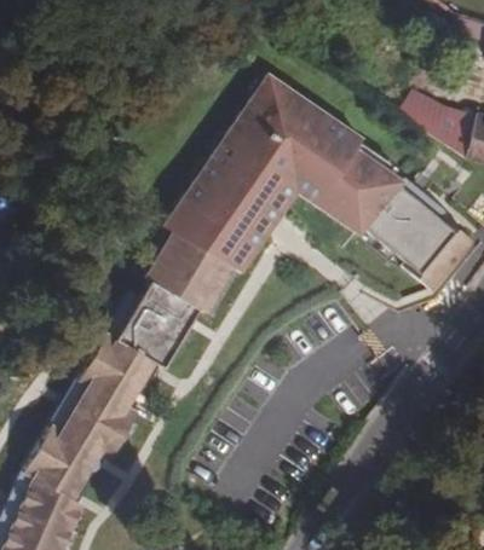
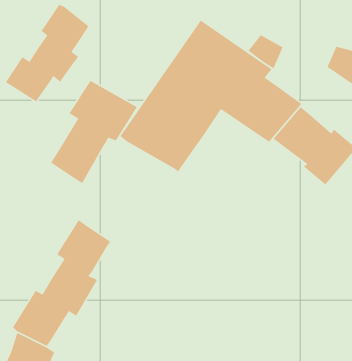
building: none -> [5,4,89,102]
building: [399,88,446,134] -> [248,34,284,70]
building: [121,231,235,366] -> [50,80,138,184]

